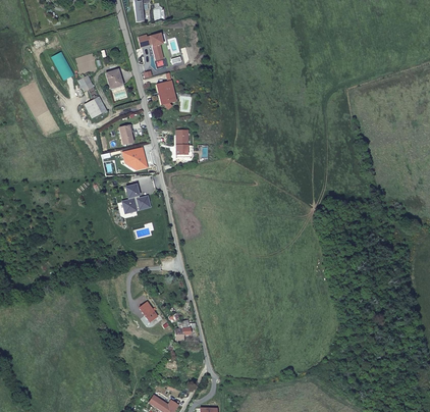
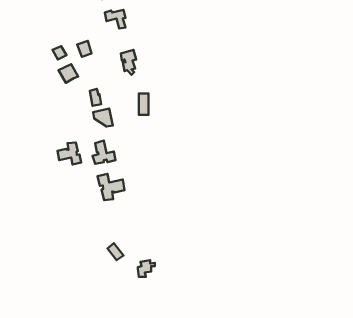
building: none -> [58,142,81,165]
building: none -> [98,174,124,200]

